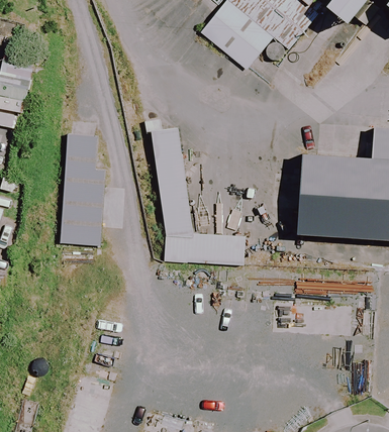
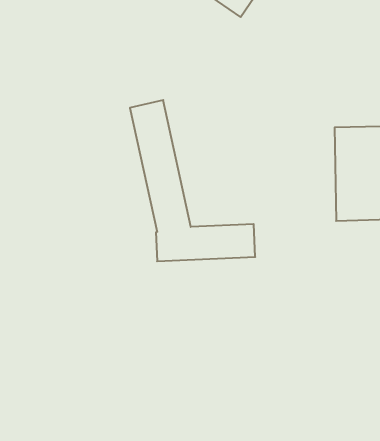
building: [67,131,108,248] -> none

